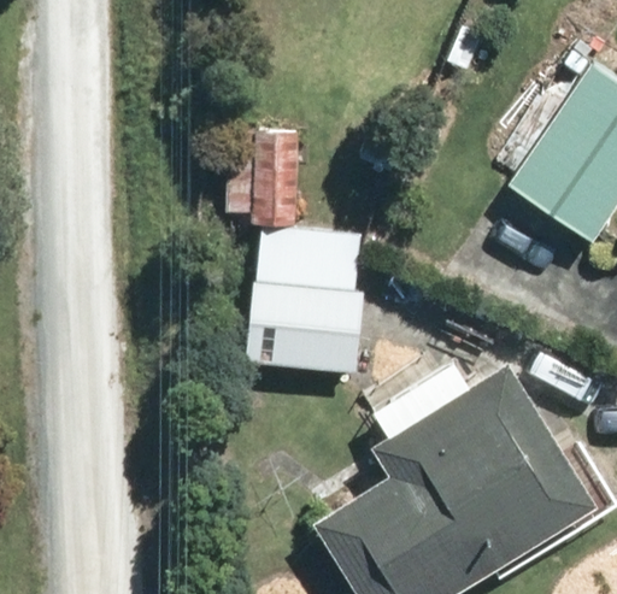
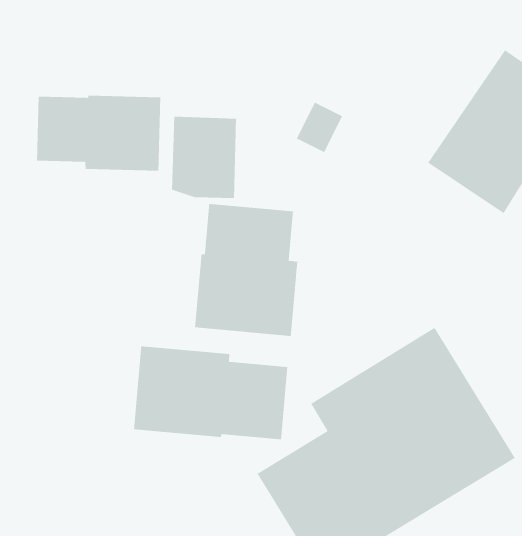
building: none -> [36,95,161,172]
building: none -> [133,346,288,440]

